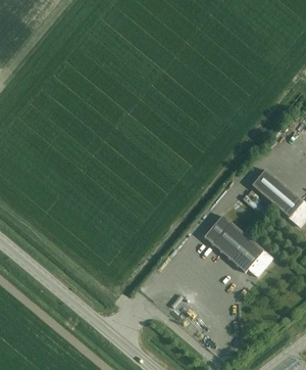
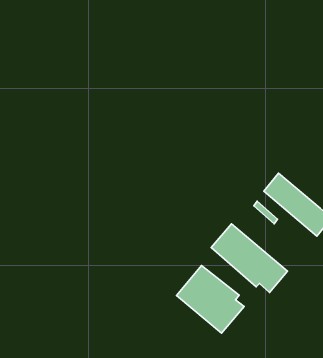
building: none -> [177,266,244,333]

